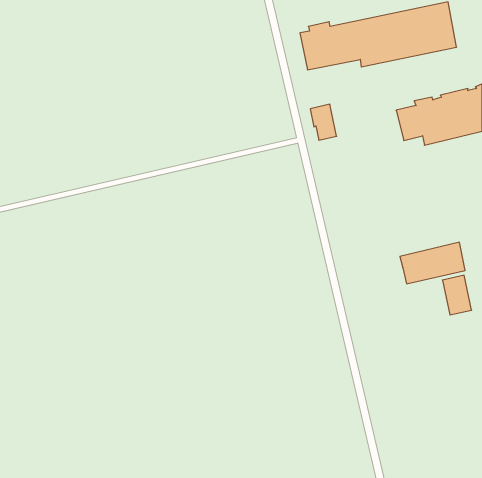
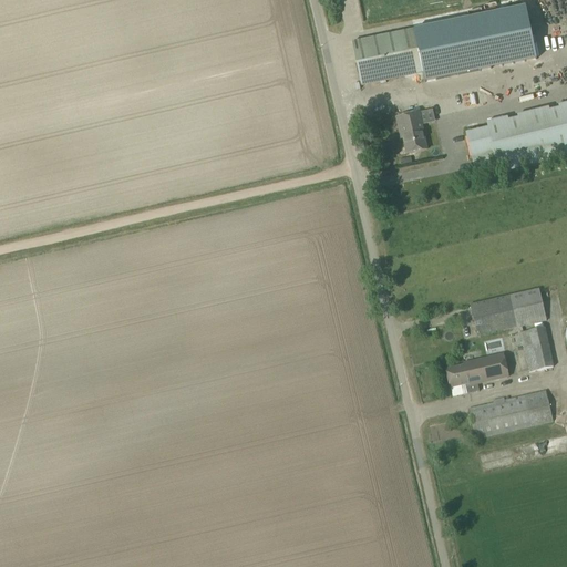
building: [310,104,337,140] -> [396,109,427,151]
building: none -> [445,351,508,391]
building: none -> [468,388,553,436]

